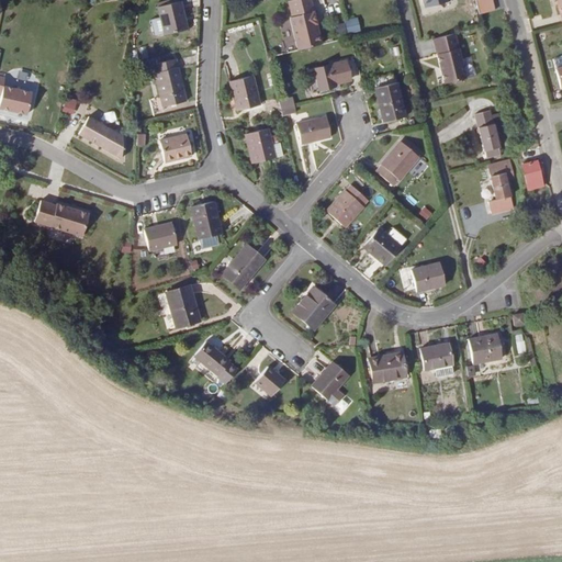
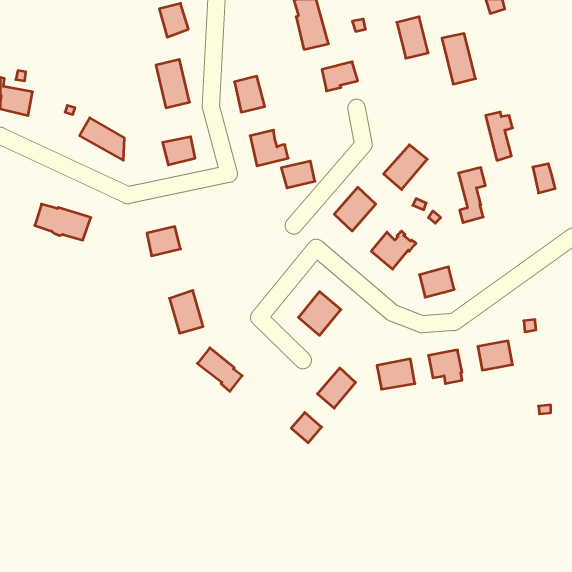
building: [375,81,406,122] -> [397,17,428,58]
building: [297,116,330,143] -> [281,161,315,188]
building: [488,159,515,213] -> [458,168,485,223]
building: [191,201,222,238] -> none
building: [223,244,265,289] -> none
building: [256,366,285,395] -> [291,412,322,443]

